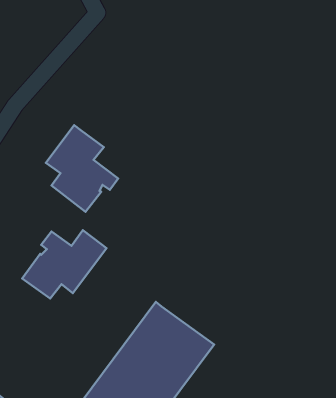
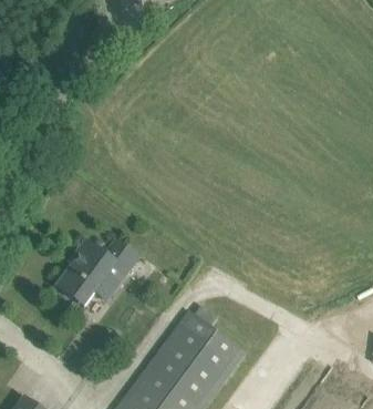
building: [46,125,118,212] -> none

